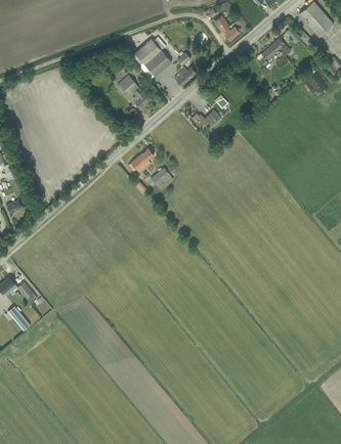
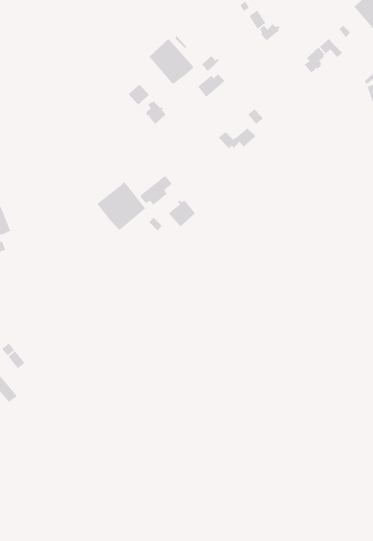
building: none -> [96,180,146,231]

